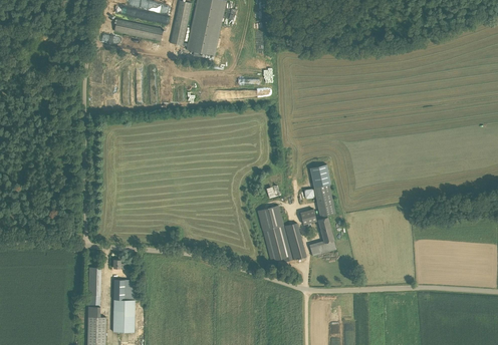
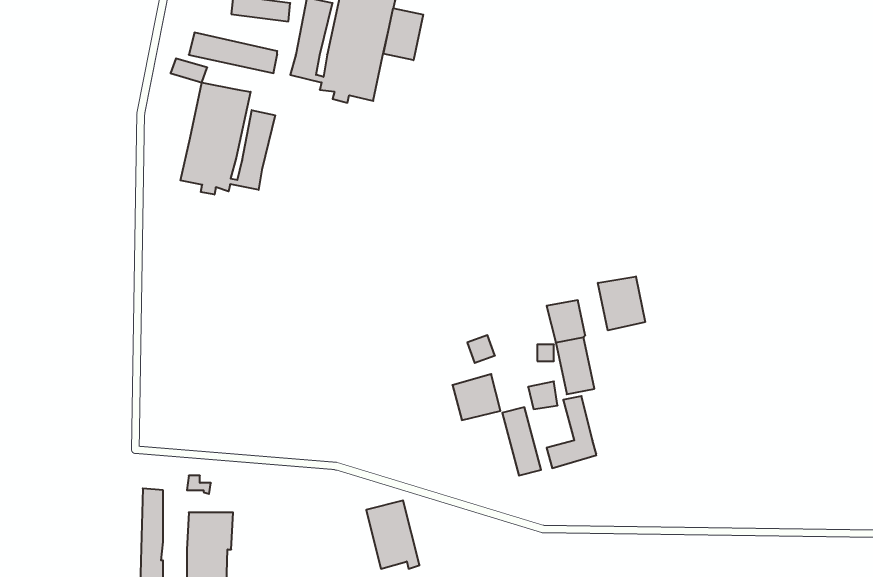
building: none -> [383,8,423,60]
building: none -> [180,82,275,195]
building: none -> [598,276,645,330]
building: [262,225,291,262] -> [366,500,420,569]

